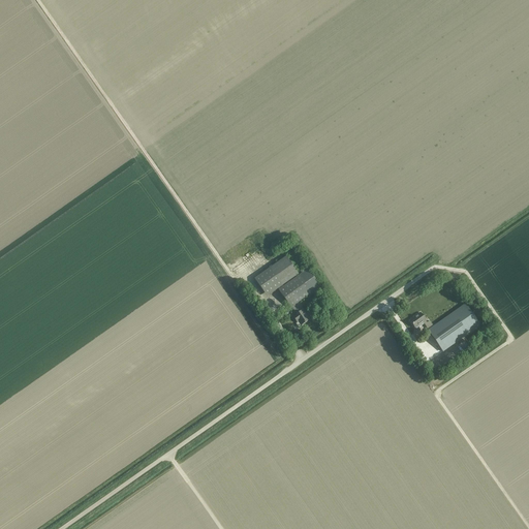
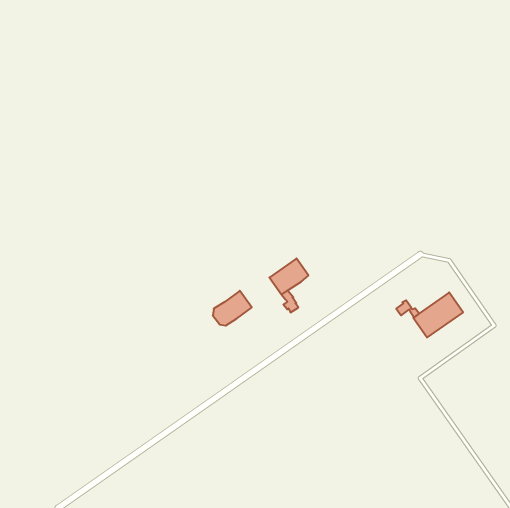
building: [257,255,298,291] -> [213,291,252,326]

